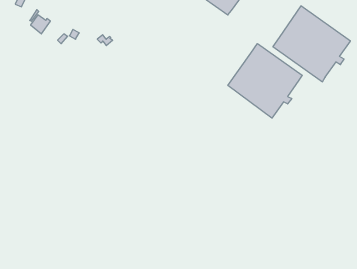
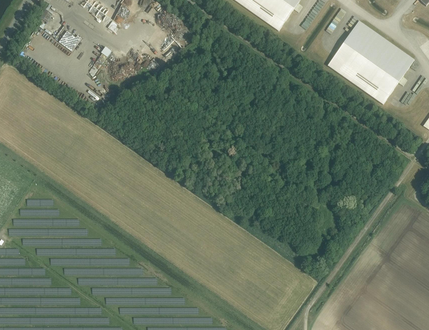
building: [228,44,302,118] -> none

